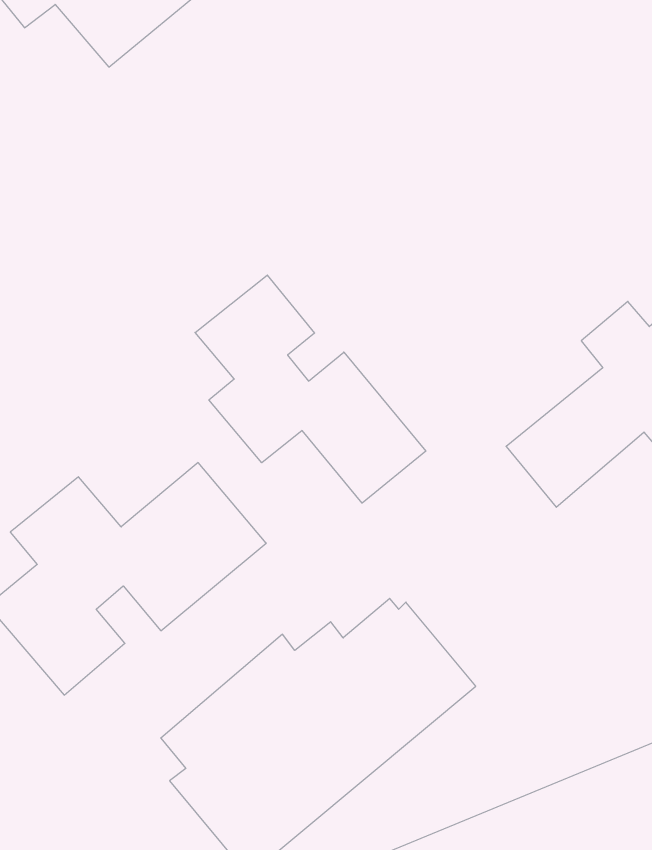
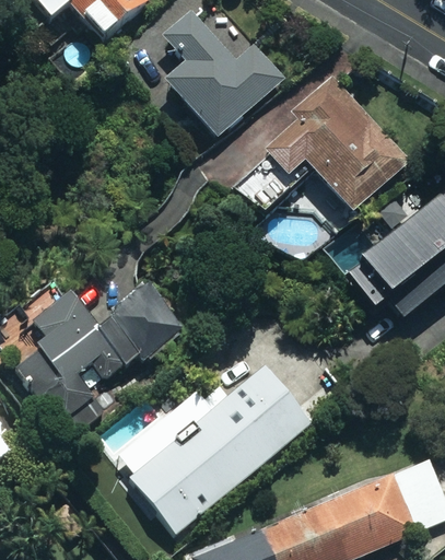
building: none -> [159,8,284,135]
building: none -> [265,91,410,211]
building: [195,275,426,503] -> none

